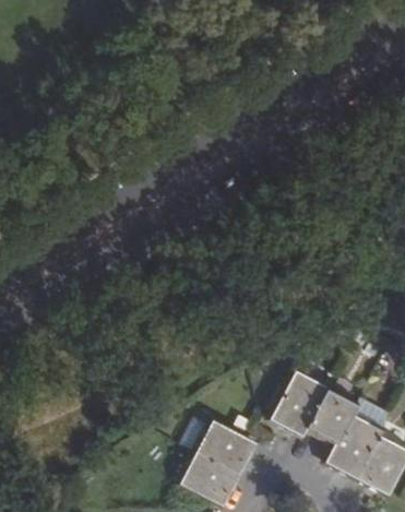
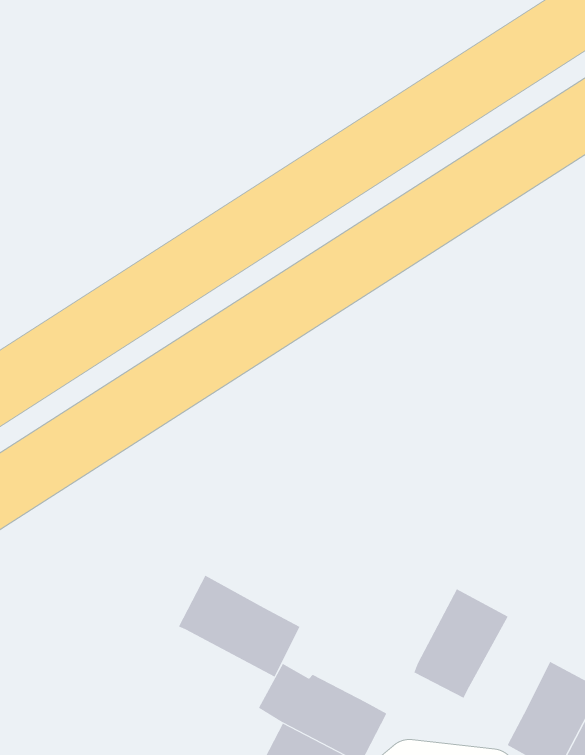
building: none -> [178,575,300,678]
building: [306,390,359,446] -> none

